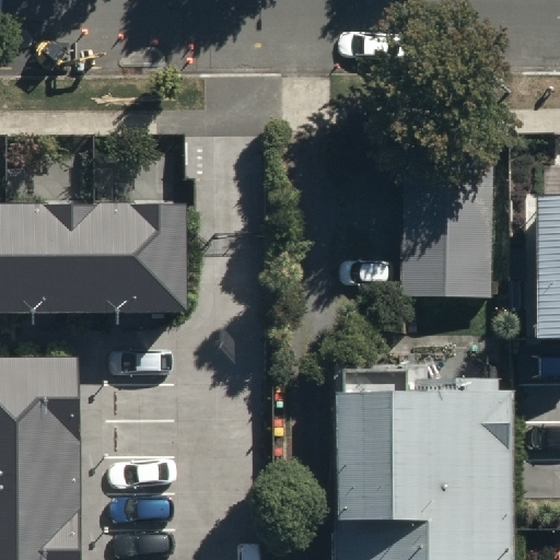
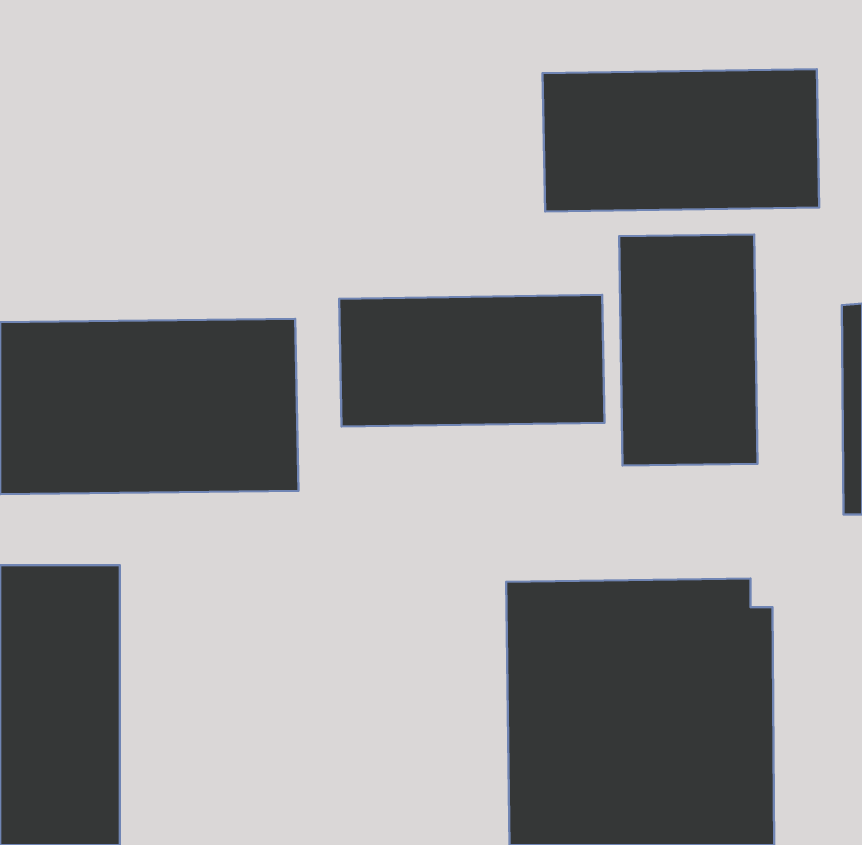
building: none -> [543,69,819,212]
building: none -> [339,295,604,427]

